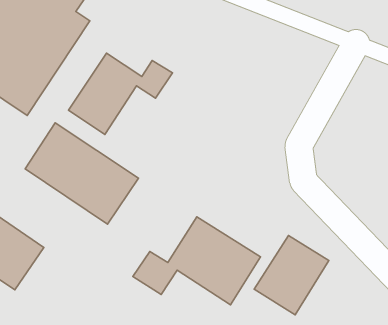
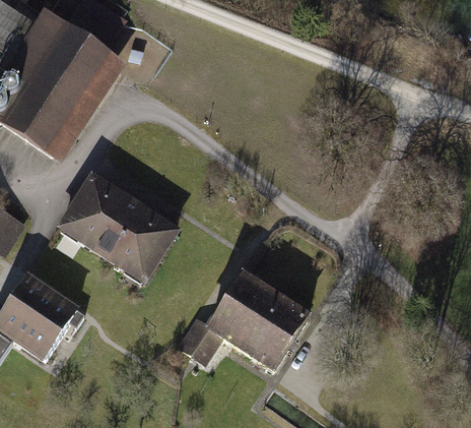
building: [69,53,172,135] -> none
building: [254,236,329,315] -> none

